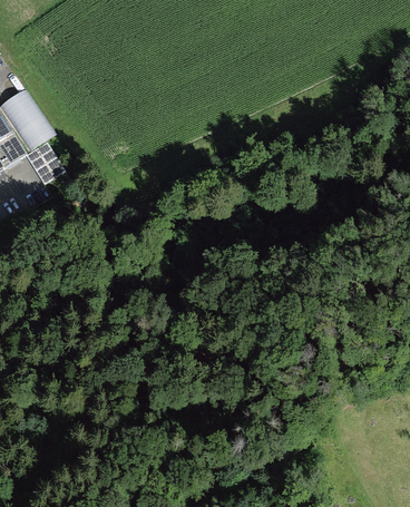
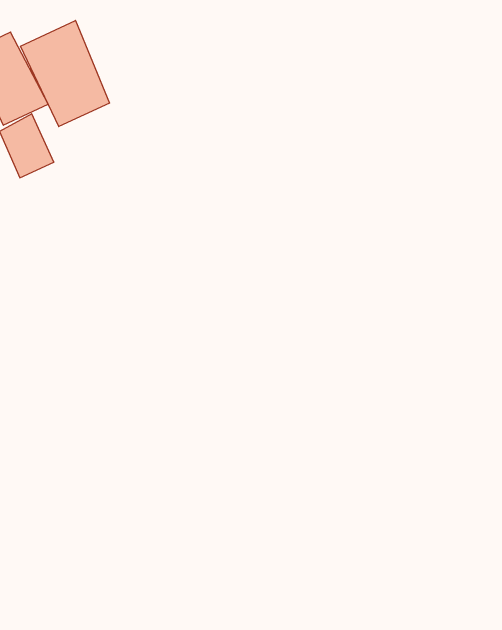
building: none -> [20,20,110,127]

